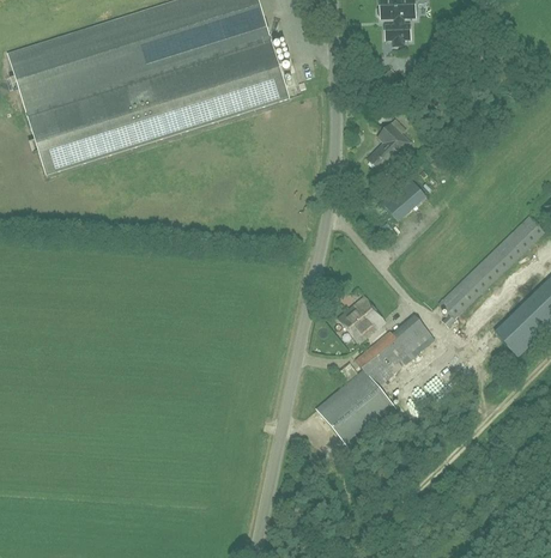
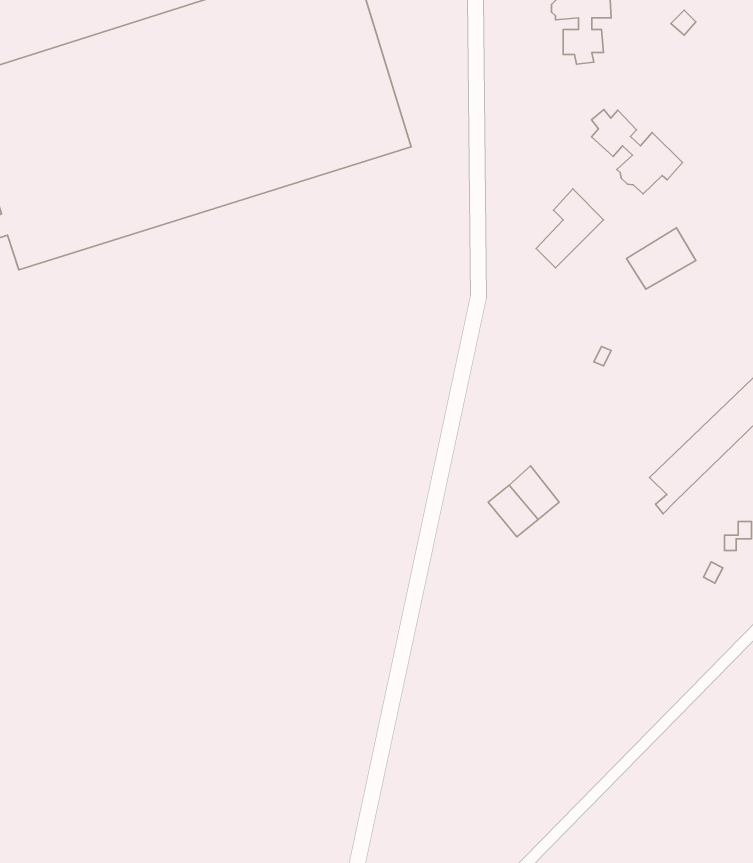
building: none -> [592,109,682,194]
building: [385,177,428,216] -> [627,228,696,289]
building: [315,315,434,445] -> none

